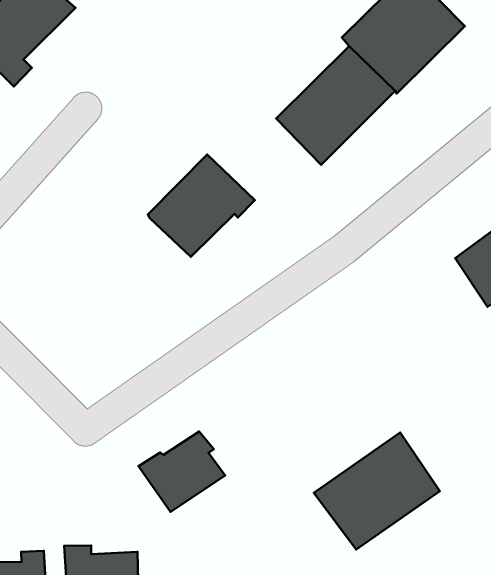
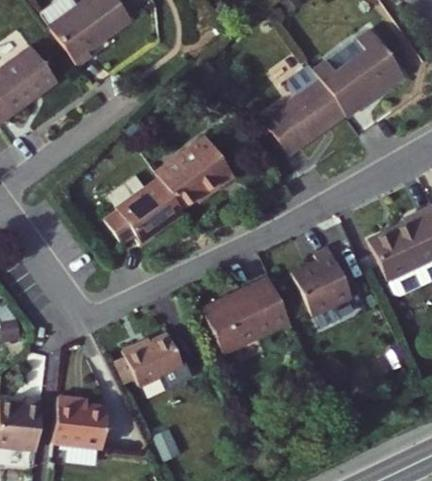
building: none -> [104,175,185,243]
building: none -> [288,247,350,315]
building: [314,433,440,550] -> [200,275,289,352]

